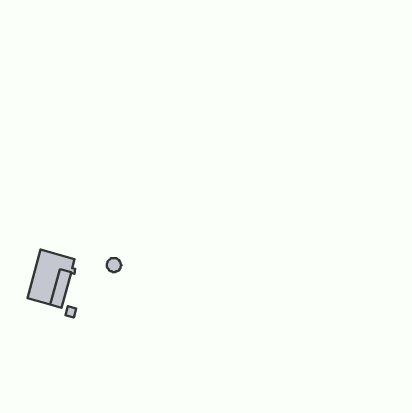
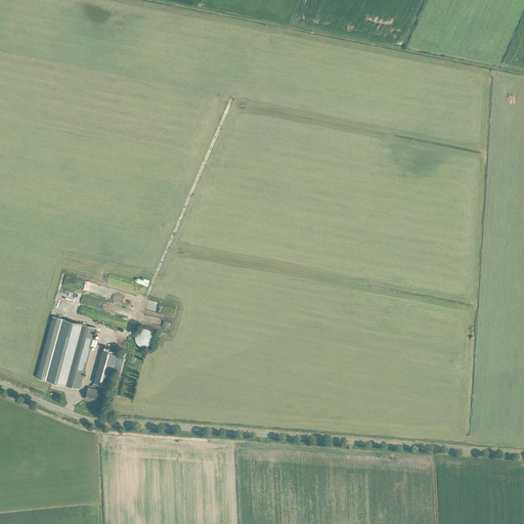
building: none -> [92,348,116,387]

